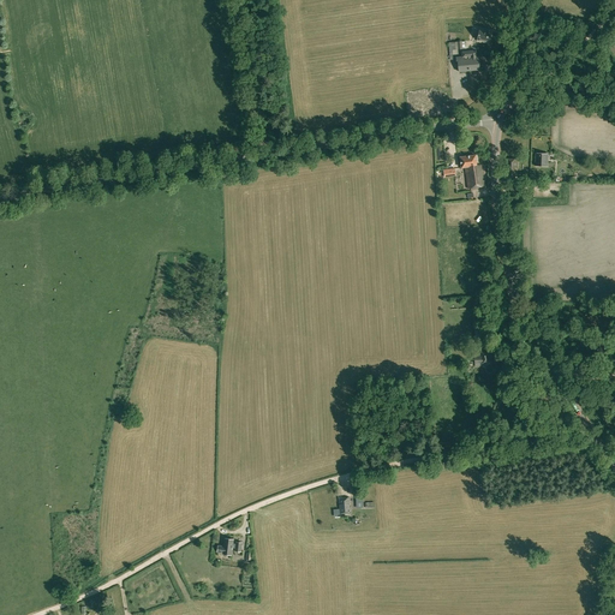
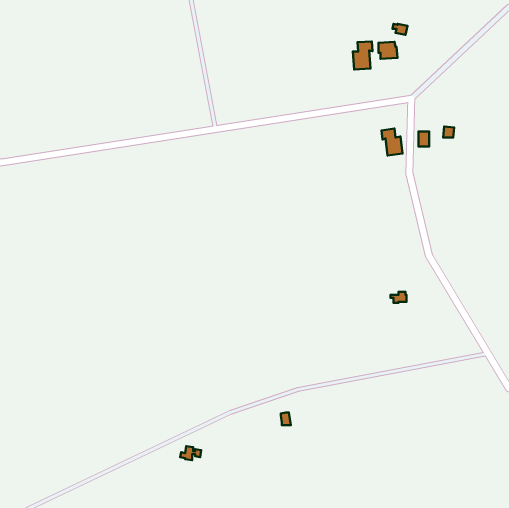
building: none -> [353,42,373,69]

